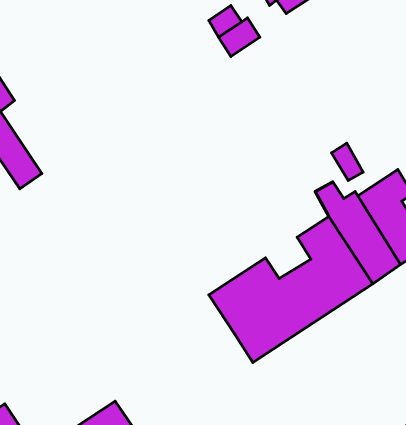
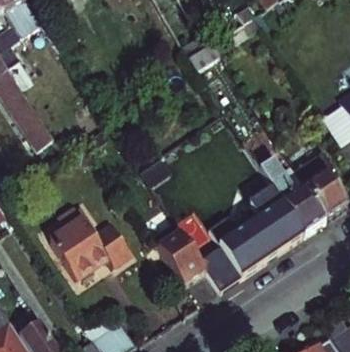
building: none -> [46,205,127,276]
building: none -> [153,229,202,286]

